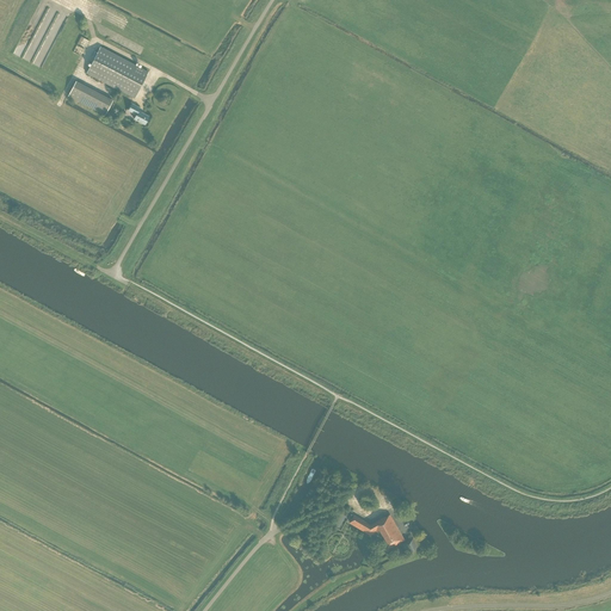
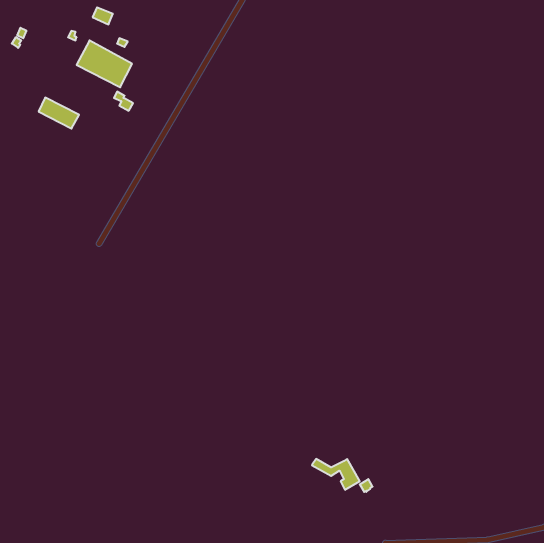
building: [68,80,113,115] -> [39,98,79,129]

